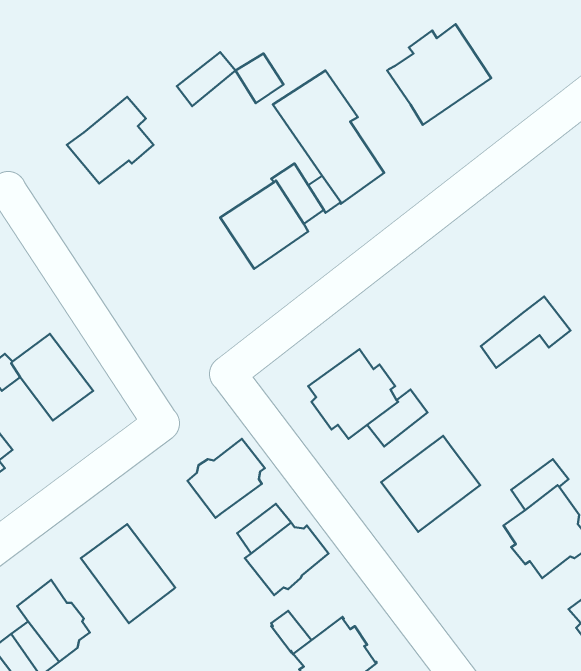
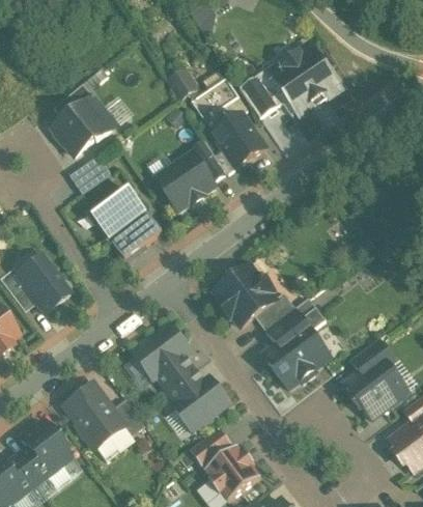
building: [177,52,236,106] -> [55,84,94,120]
building: none -> [241,71,284,117]
building: none -> [70,156,111,193]
building: none -> [93,189,163,259]
building: [481,296,571,368] -> [266,298,327,345]
building: none -> [158,356,194,389]
building: none -> [114,399,146,435]

